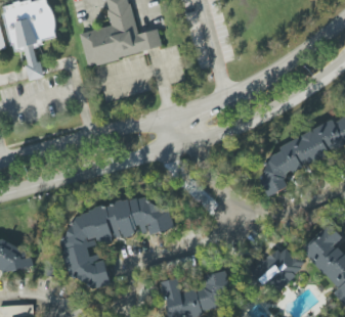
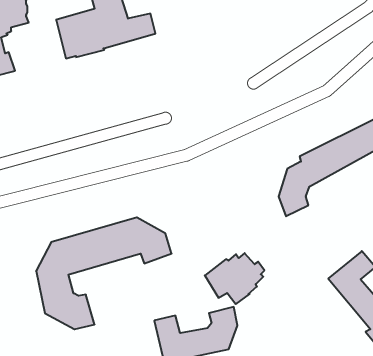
building: [252,247,301,289] -> [205,253,264,304]

